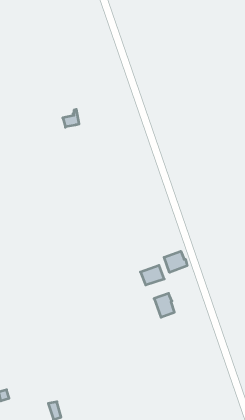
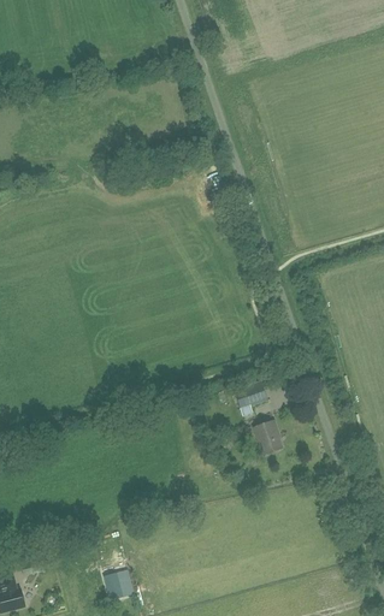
building: [164,251,187,272] -> none

